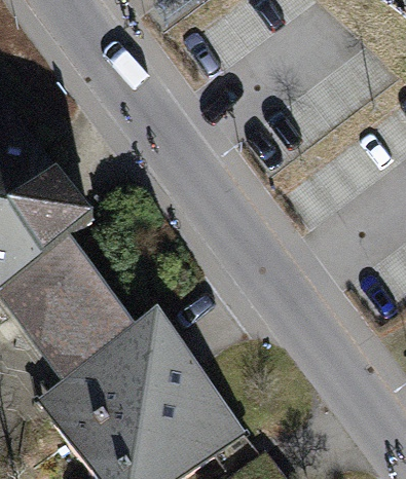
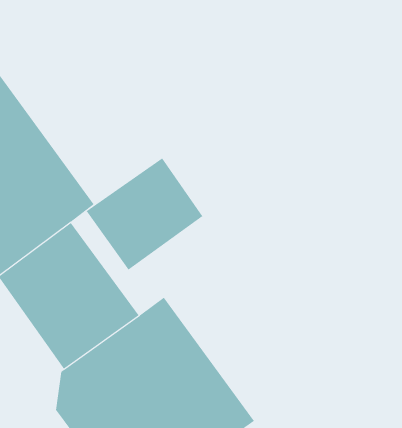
building: none -> [86,157,203,271]

